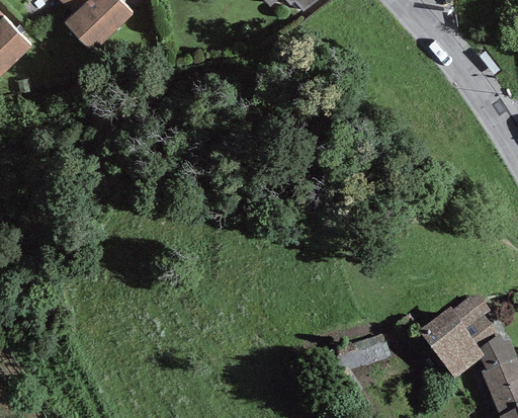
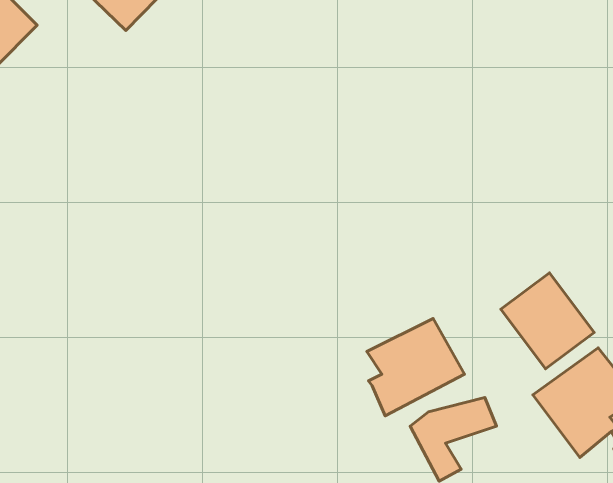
building: none -> [501,273,594,369]
building: none -> [367,318,464,416]

